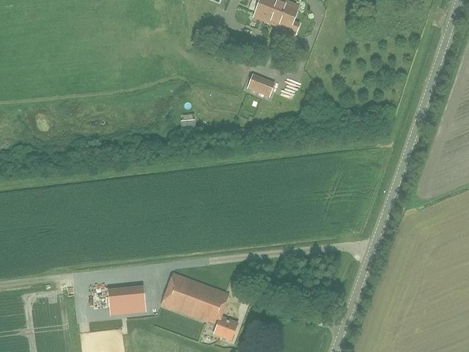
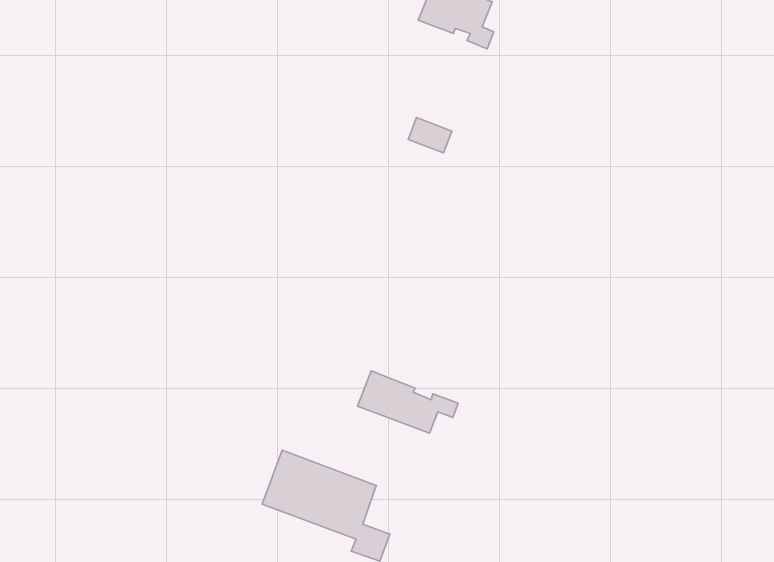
building: none -> [357,371,458,433]
building: [108,286,145,310] -> none

